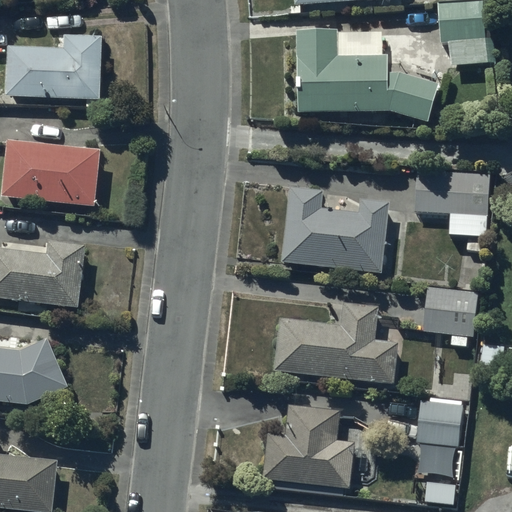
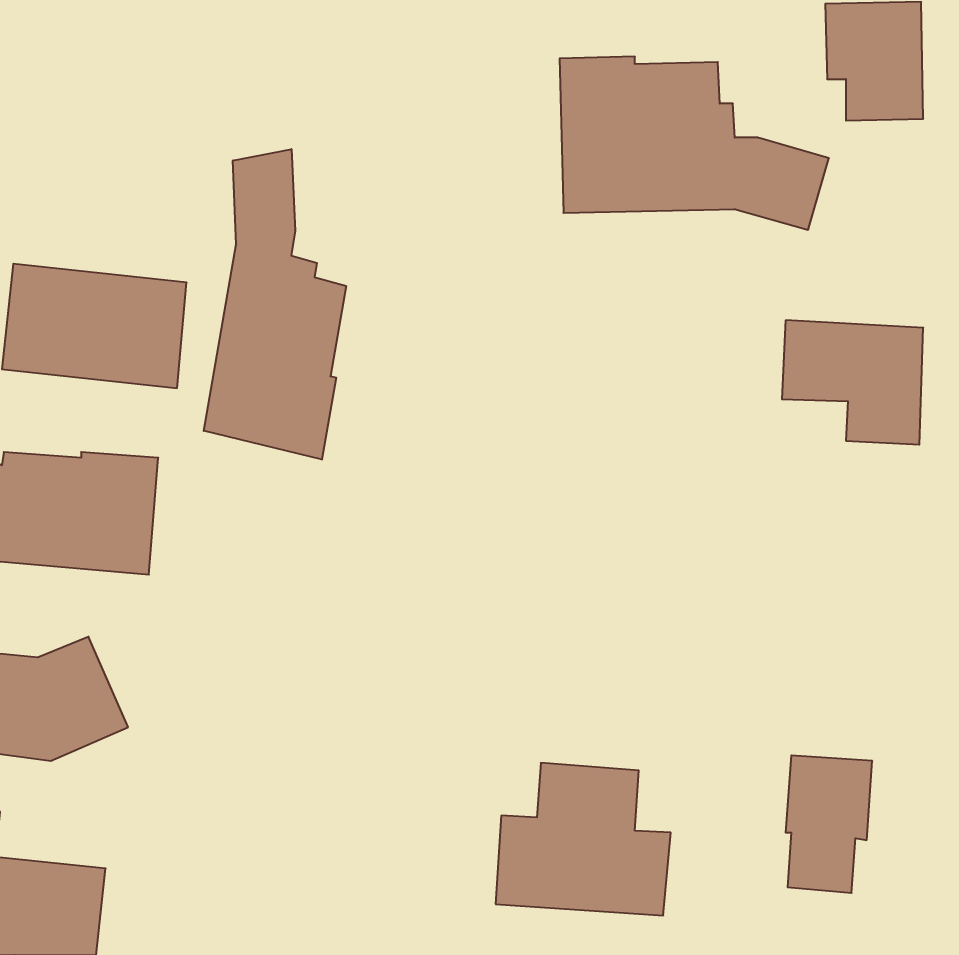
building: [8,36,101,97] -> none
building: none -> [204,149,346,460]
building: [282,186,387,269] -> none
building: [424,287,477,345] -> none
building: [275,302,398,380] -> none

